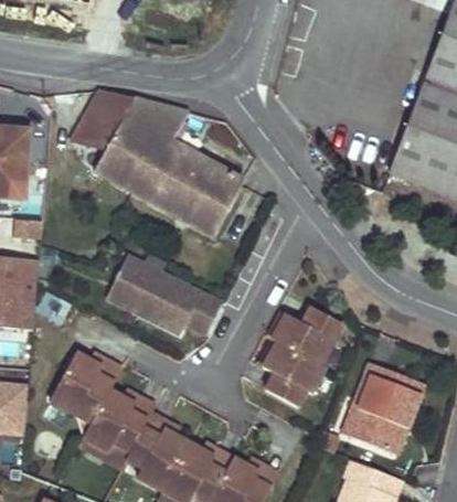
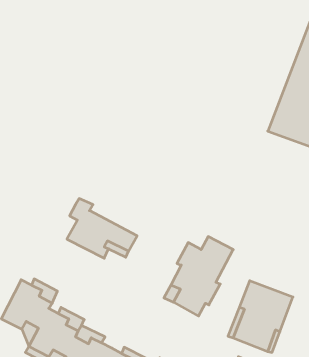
building: [73,87,245,233] -> none
building: [108,255,147,308] -> none

